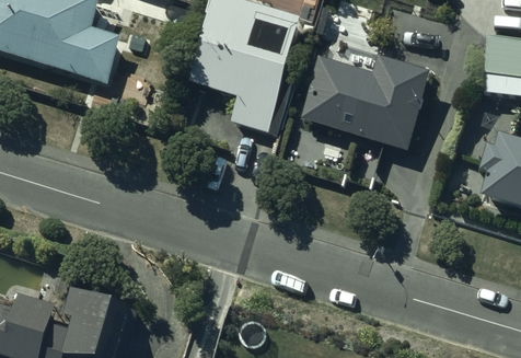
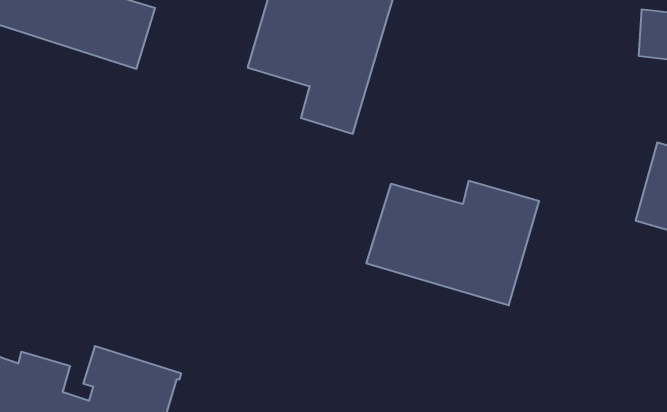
building: [300,55,431,149] -> [366,181,539,305]

